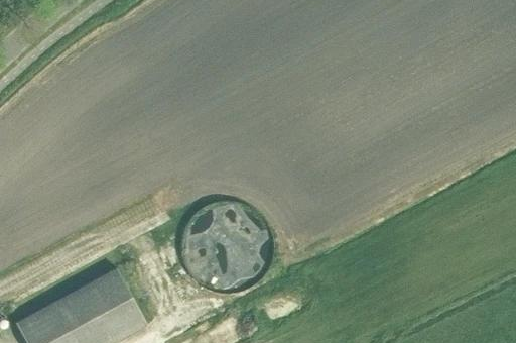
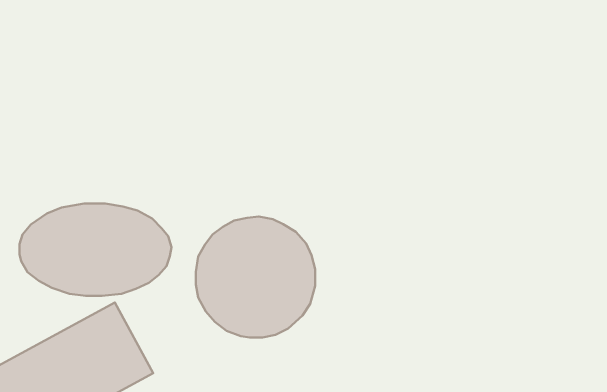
building: none -> [19,204,171,296]

